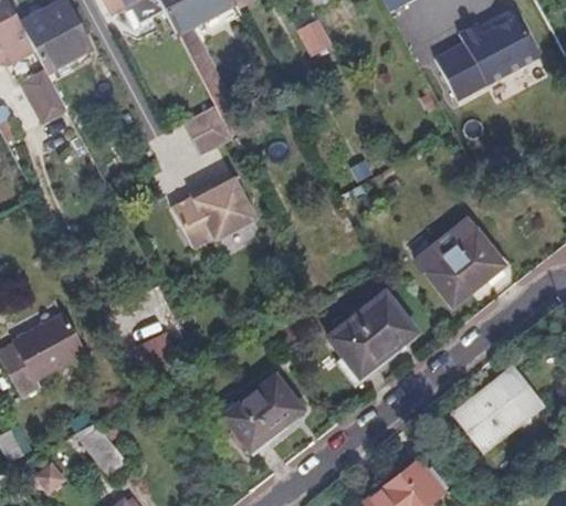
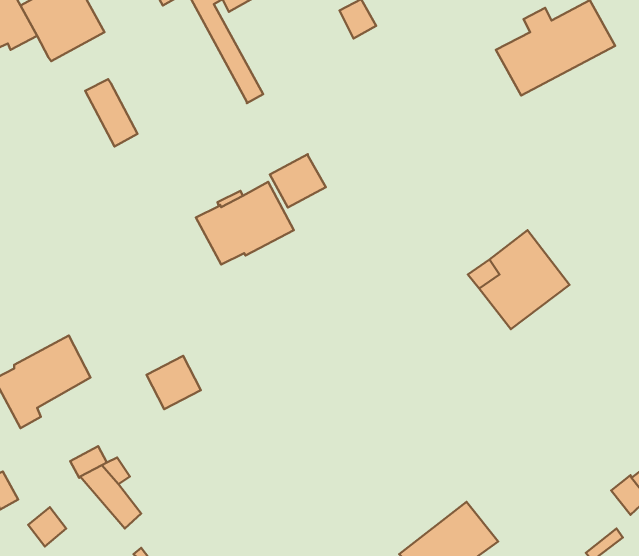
building: [27,68,72,127] -> [85,79,137,147]
building: [186,107,234,154] -> [270,154,326,208]
building: [325,294,410,377] -> none
building: [221,372,302,450] -> none
building: [457,377,535,451] -> none

